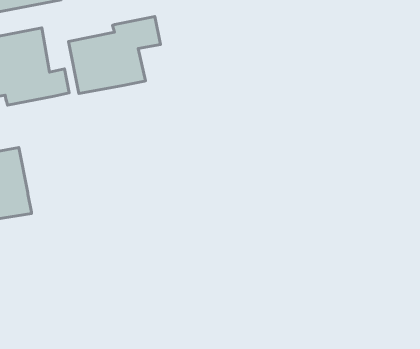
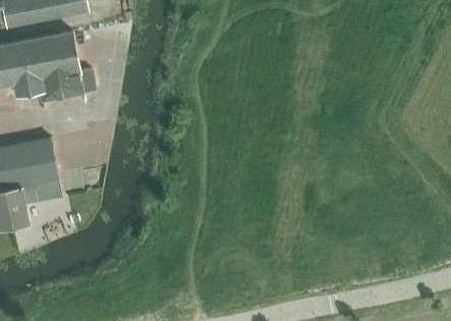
building: [69,16,160,94] -> none

